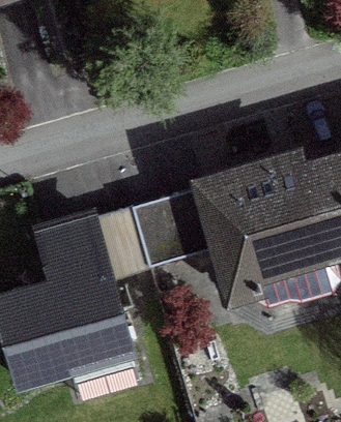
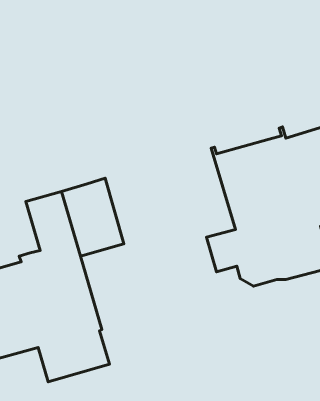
building: [129,186,219,268] -> none

